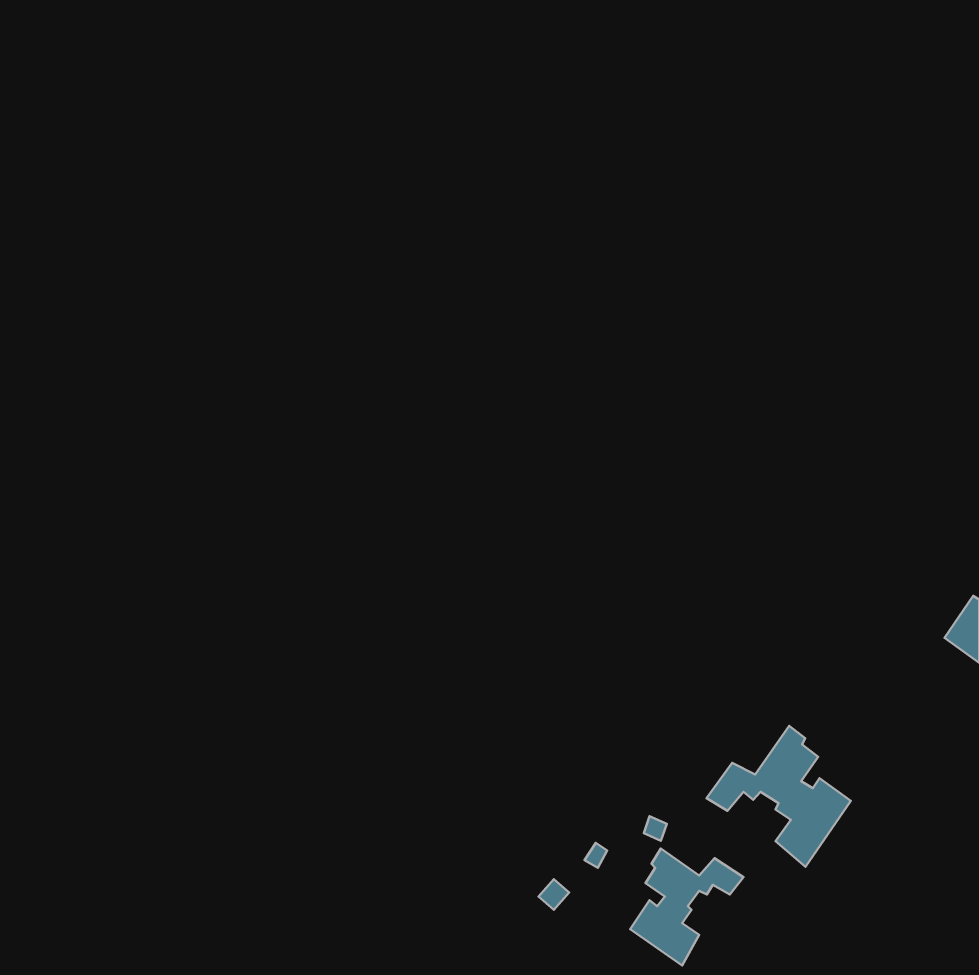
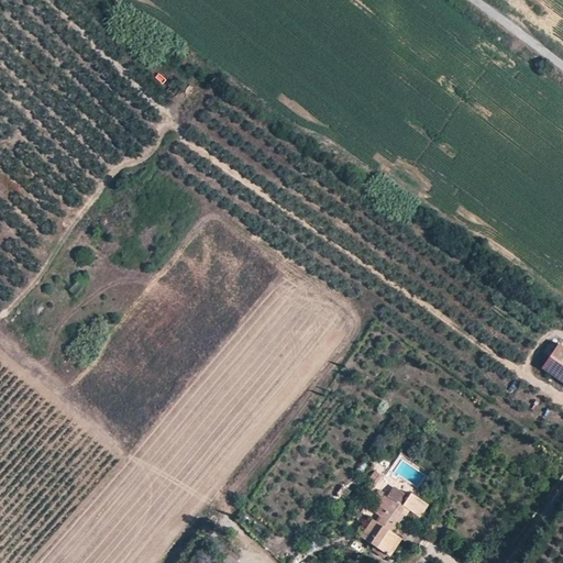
building: [707,726,851,867] -> none

